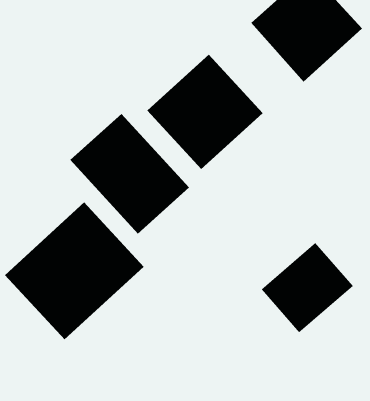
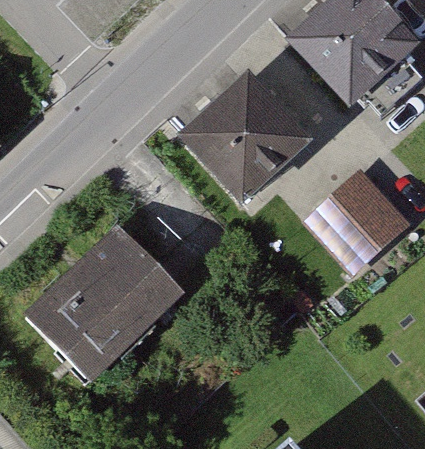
building: [70,113,190,234] -> none
building: [261,242,354,333] -> [300,169,400,267]

